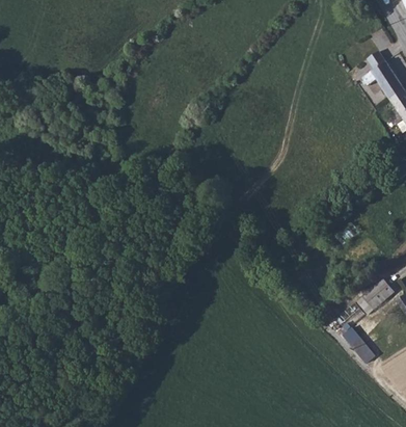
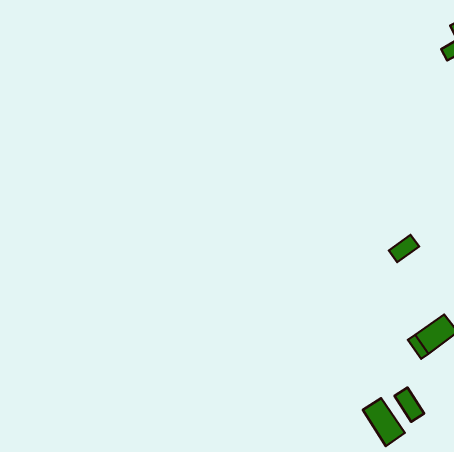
building: none -> [363,398,405,446]

